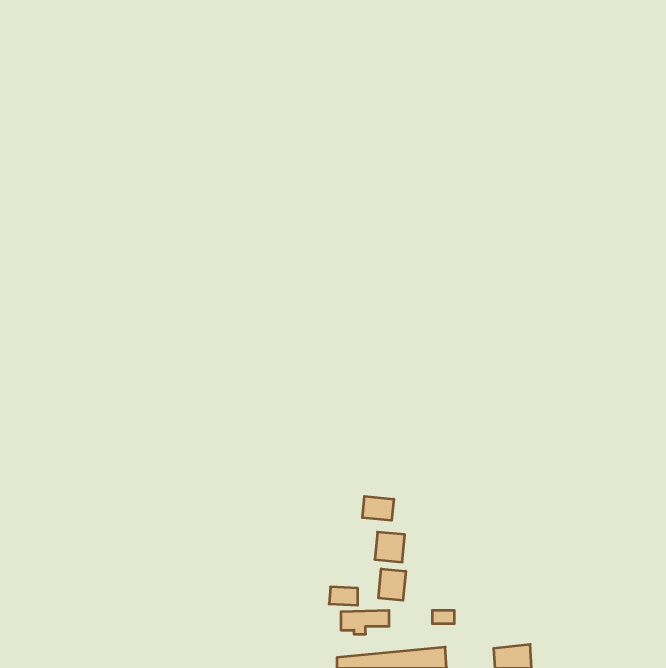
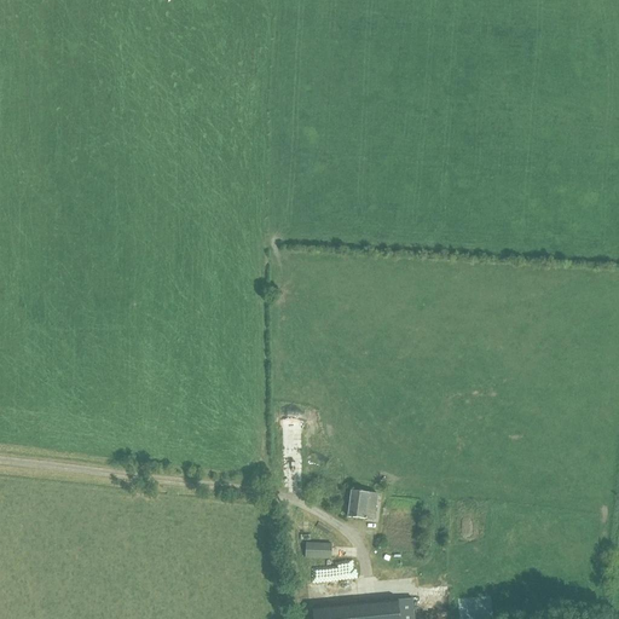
building: [362,496,394,520] -> none
building: [379,569,406,600] -> none

